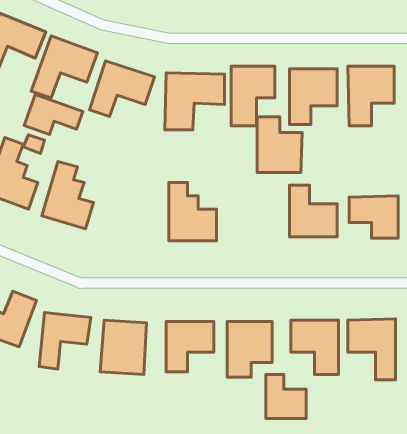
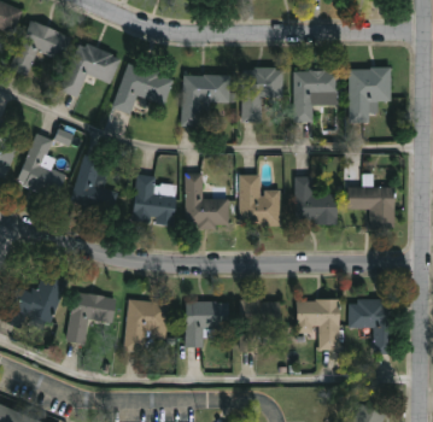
building: [24,94,83,134] -> none
building: [257,117,302,172] -> [240,175,281,225]
building: none -> [133,175,176,224]
building: [266,374,306,418] -> none

